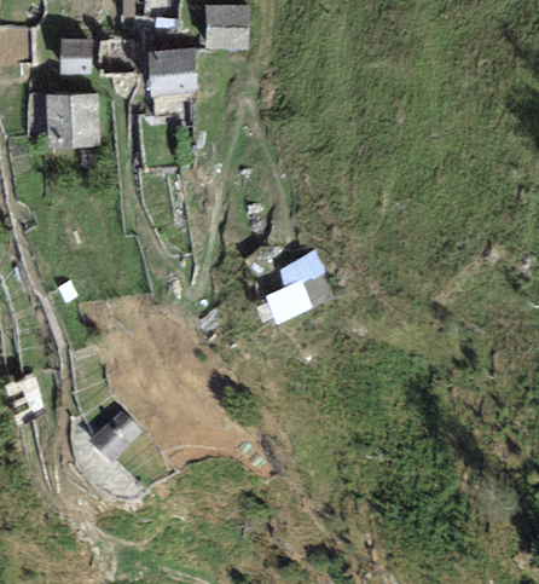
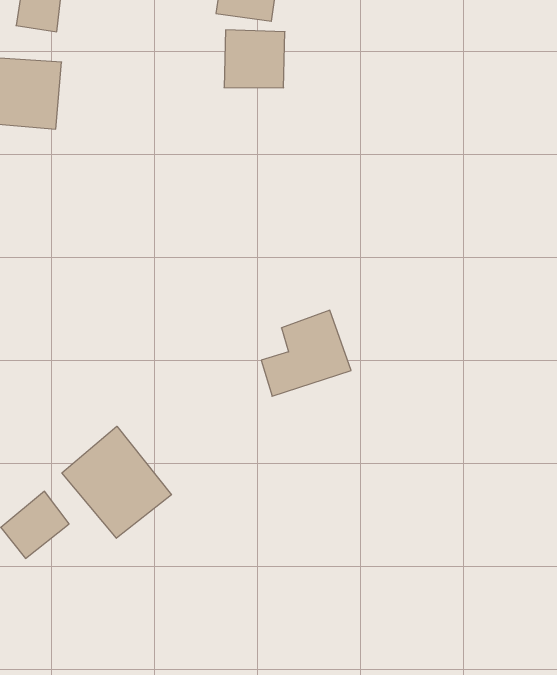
building: [149,47,196,93] -> [224,30,285,88]
building: none -> [62,426,171,538]

